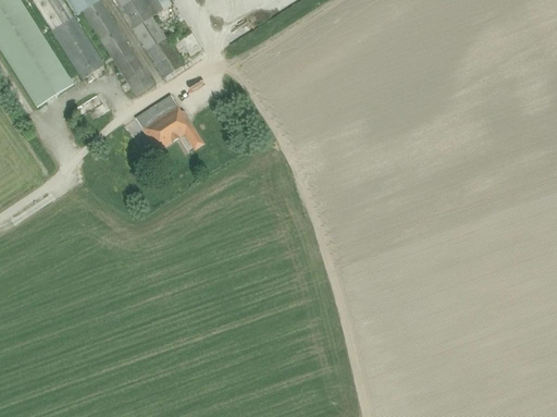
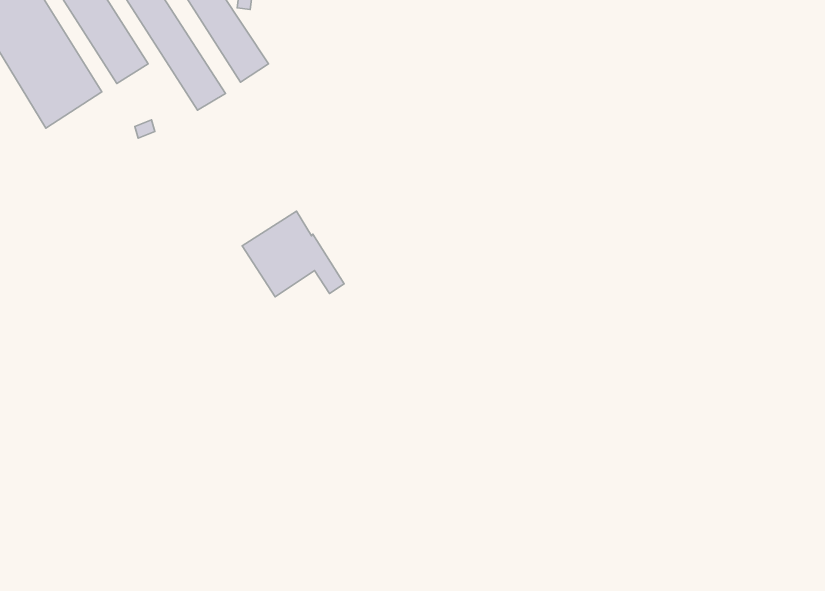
building: [135,95,202,151] -> [242,211,344,297]

